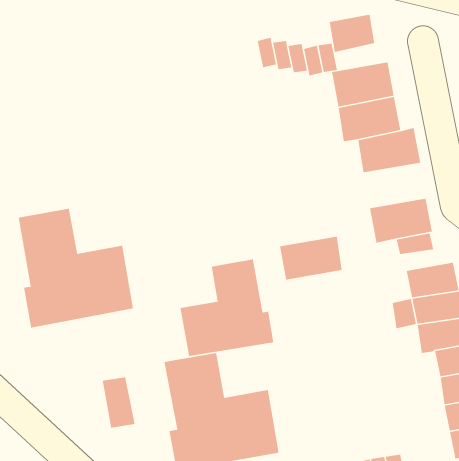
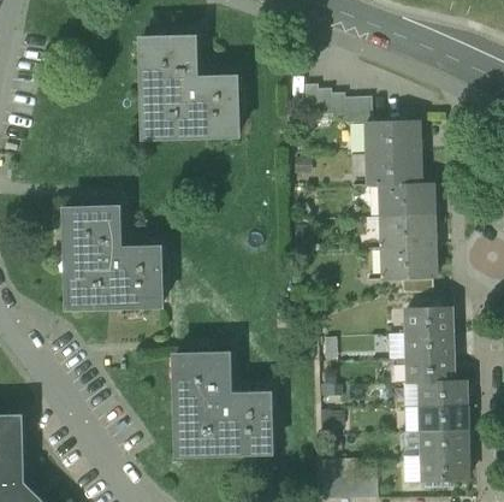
building: none -> [142,36,237,136]
building: [329,14,375,53] -> none
building: [279,236,343,280] -> [381,213,434,246]
building: [180,258,274,357] -> none
building: [102,376,136,428] -> none

